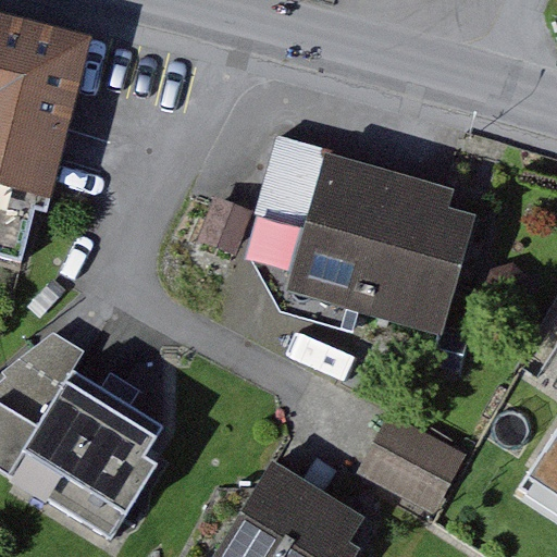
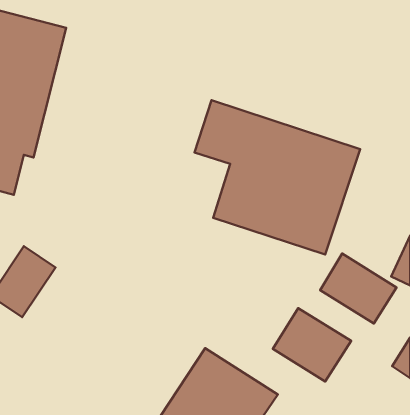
building: none -> [320,254,396,323]
building: [22,375,168,524] -> none

